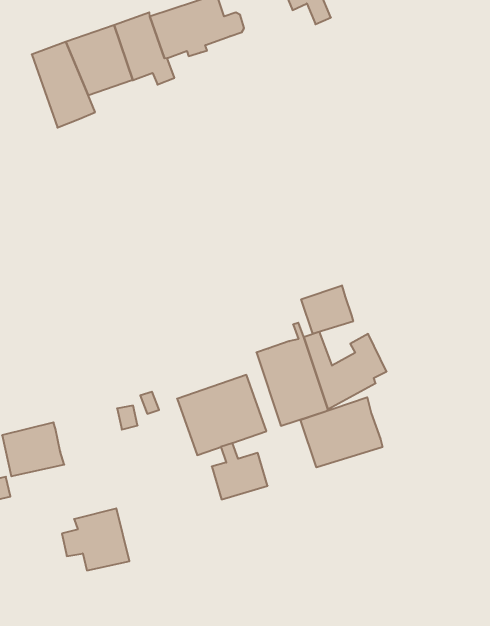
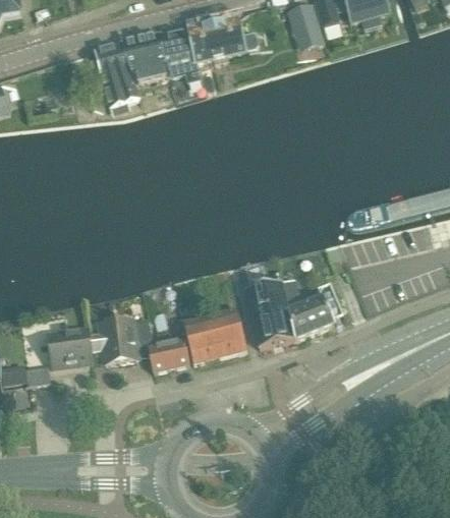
building: [301,285,353,334] -> none
building: [301,397,382,467] -> none
building: [212,443,268,499] -> [149,330,189,371]
building: [62,508,129,570] -> [89,319,137,363]

